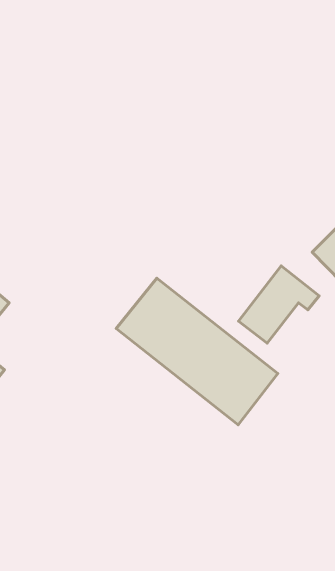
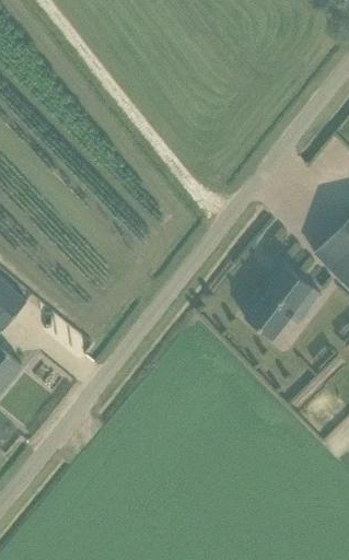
building: [116,278,278,425] -> none

